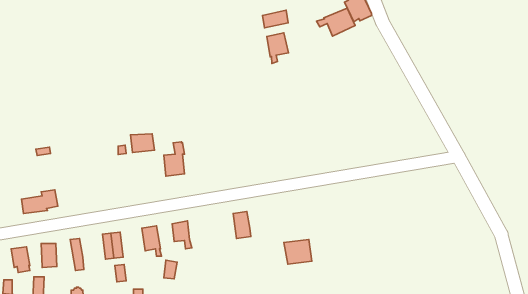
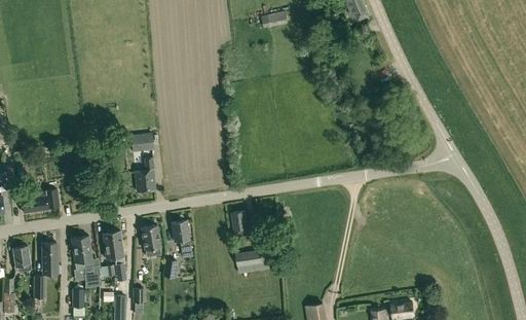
building: [316,8,355,36] -> none
building: [267,33,288,63] -> none
building: [164,142,185,176] -> [135,157,155,191]
building: none -> [80,236,99,283]
building: [284,239,312,264] -> [235,250,263,275]

